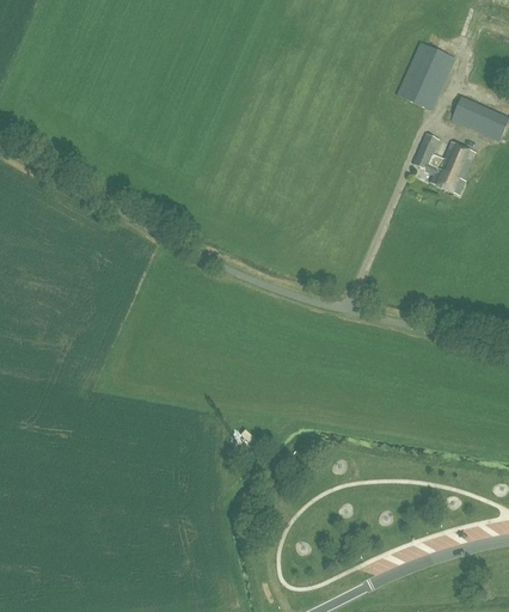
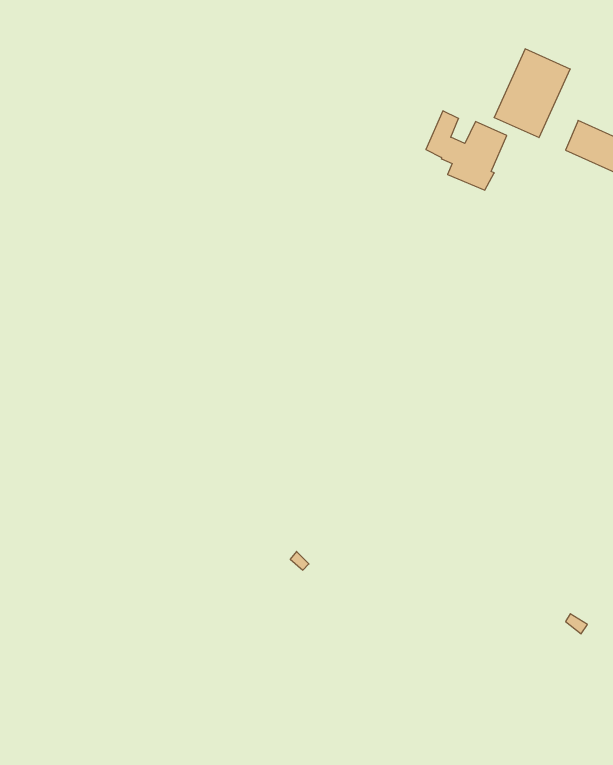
building: [413,133,476,194] -> [426,111,507,190]

